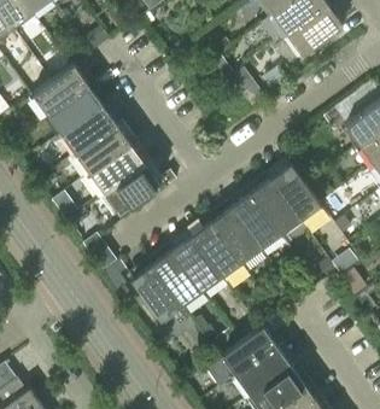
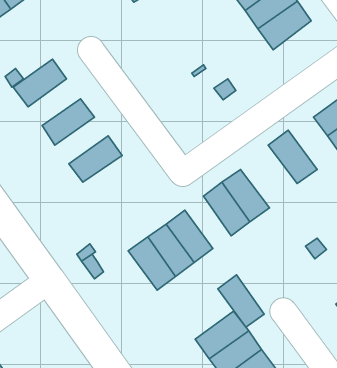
building: [47,86,101,134] -> none
building: [75,125,130,174] -> none
building: [268,164,318,220] -> [268,130,317,184]
building: [104,165,159,214] -> none
building: [210,208,258,262] -> [218,275,264,327]
building: [130,264,181,320] -> none

